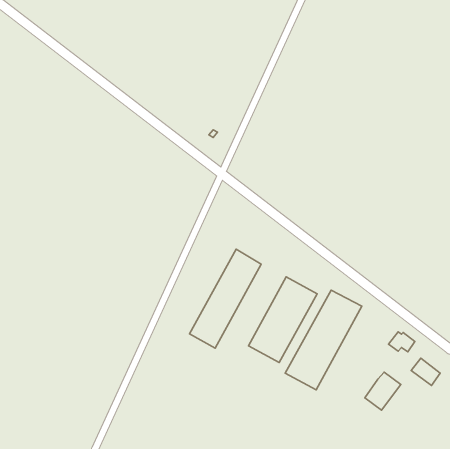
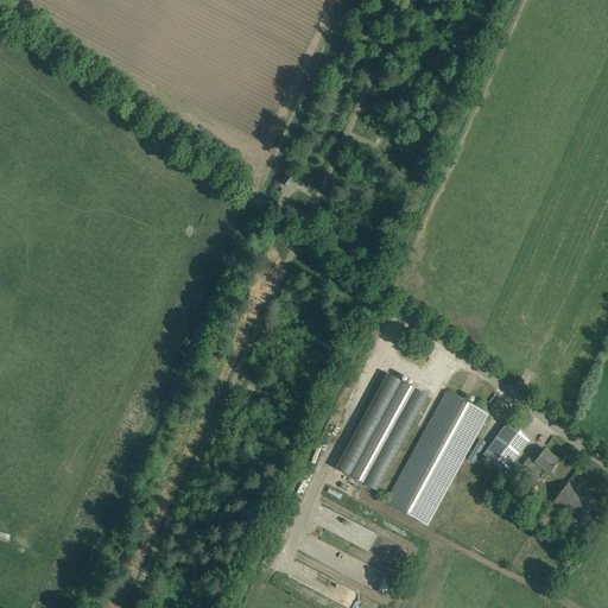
building: [189,249,261,348] -> none
building: [365,372,401,410] -> [482,420,531,471]

